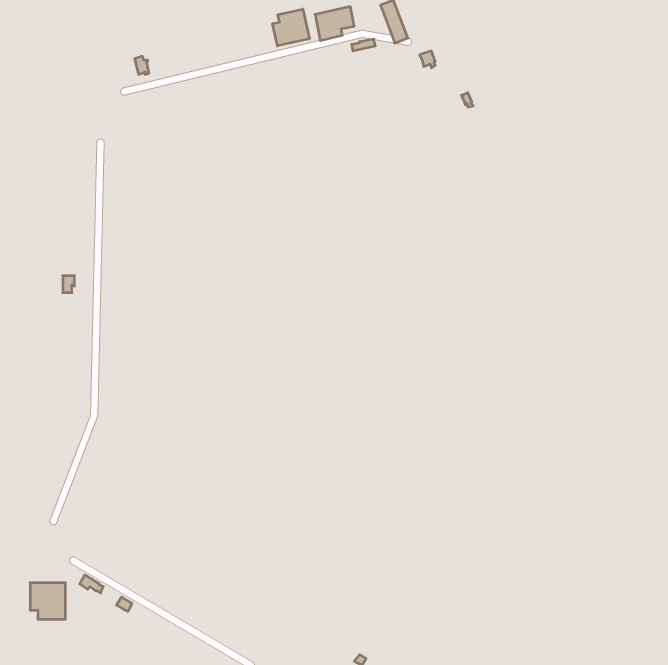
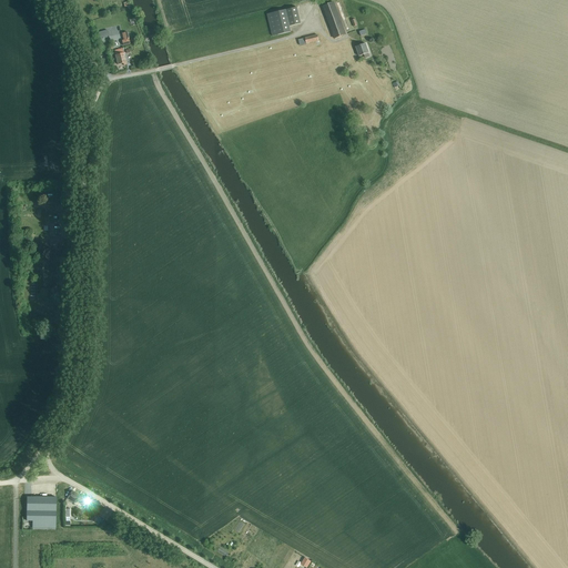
building: [273,9,309,46] -> none

